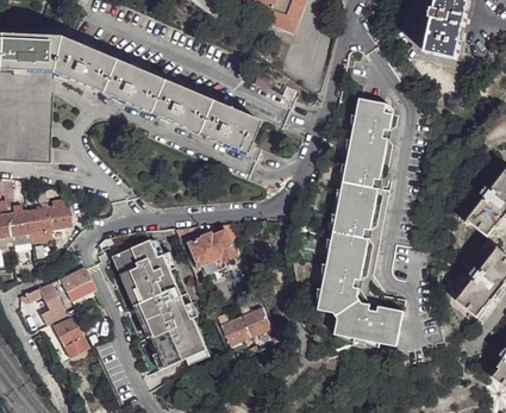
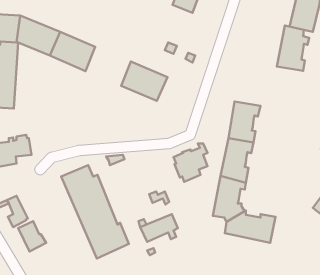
building: [145,77,207,131] -> none
building: [349,96,393,158] -> [277,26,309,71]
building: [189,223,236,275] -> [174,143,208,182]
building: [60,265,94,298] -> none

